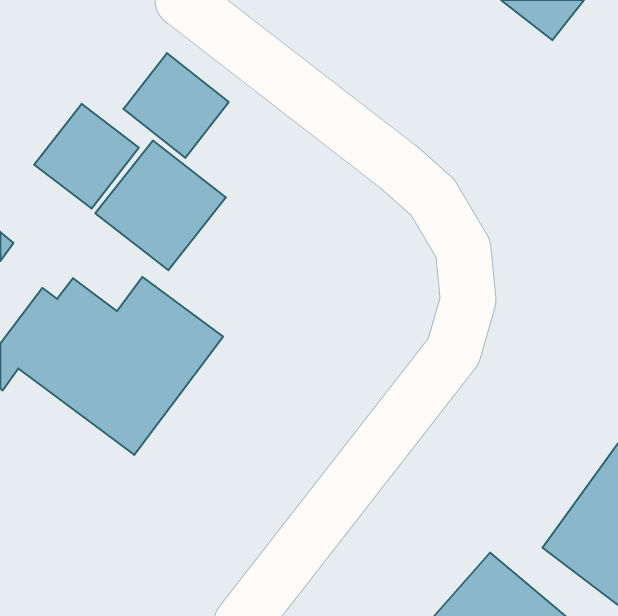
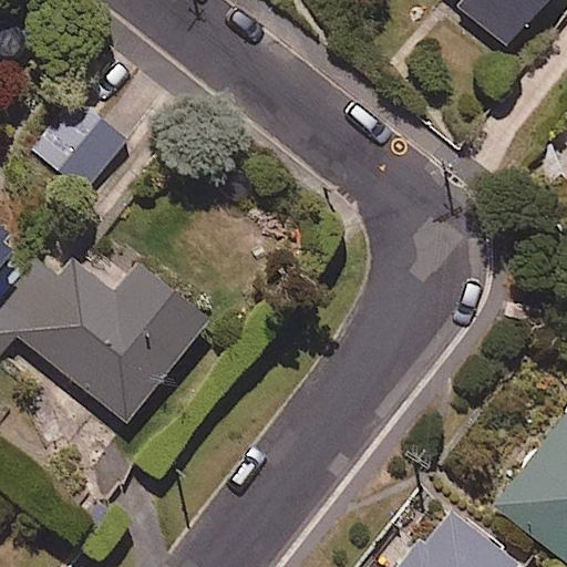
building: [123,53,229,158] -> none
building: [95,141,226,270] -> none

